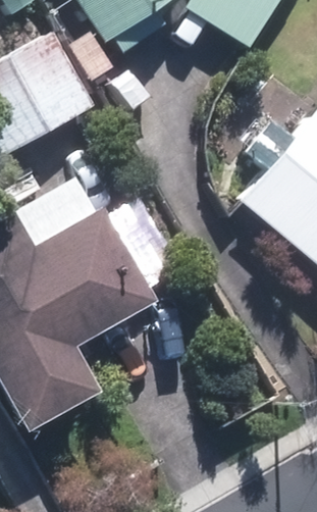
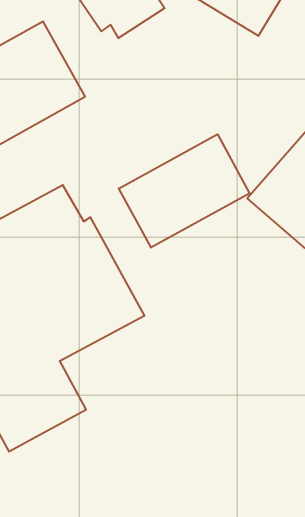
building: none -> [119,134,250,248]

